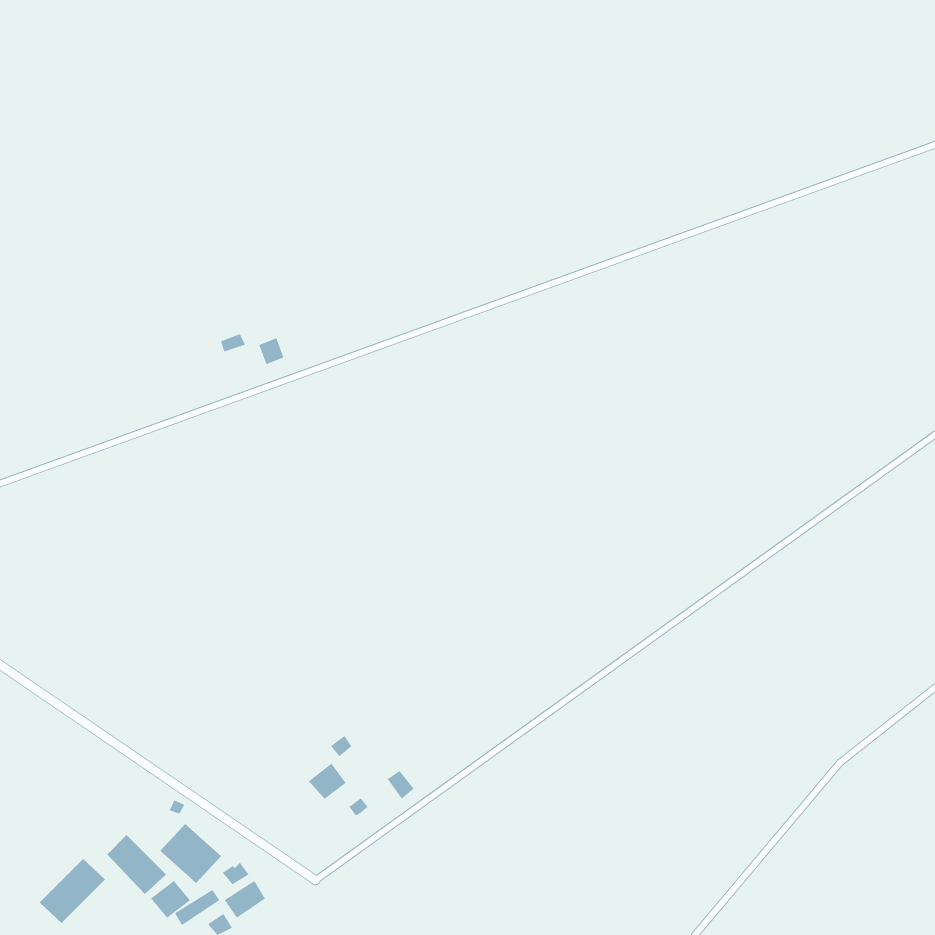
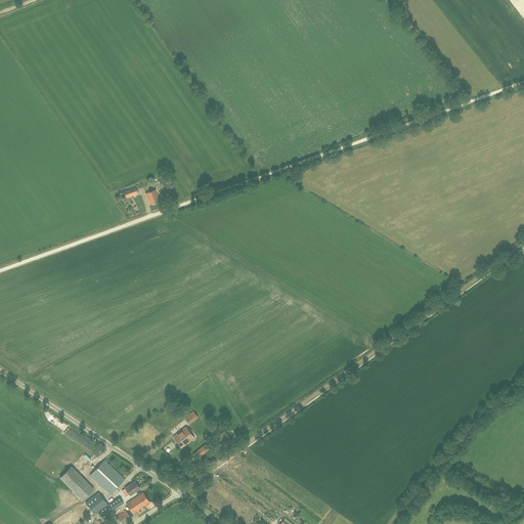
building: [39,858,106,924] -> none

